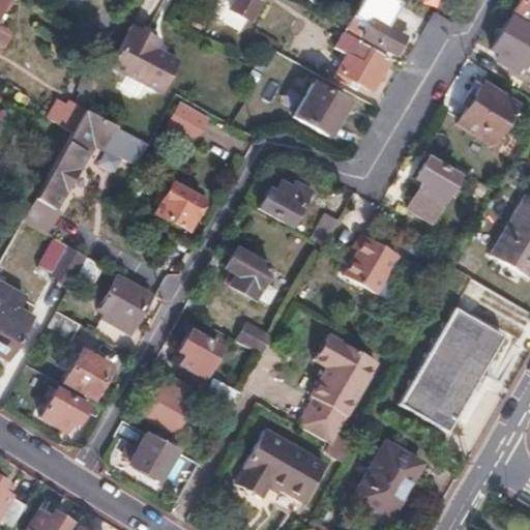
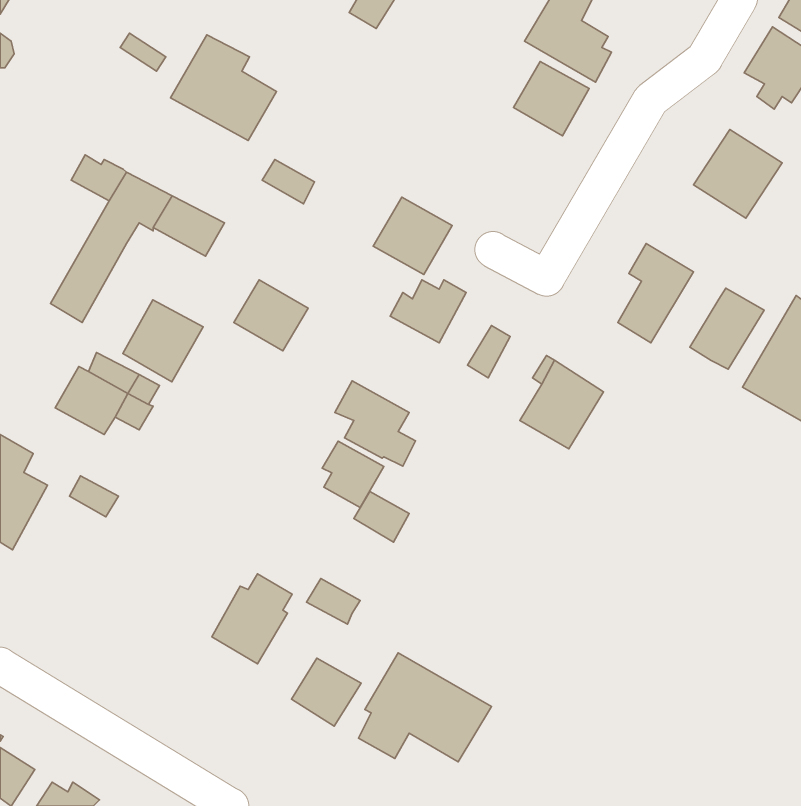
building: [297,84,349,135] -> [373,197,452,275]
building: none -> [690,288,764,369]
building: [99,277,152,331] -> [123,300,203,382]
building: [401,311,502,431] -> none
building: [299,332,379,443] -> none
building: [180,333,220,377] -> [322,441,384,508]
building: [66,351,112,399] -> none
building: [43,388,89,430] -> none
building: [129,435,175,479] -> [292,658,361,726]
building: [355,445,420,519] -> none

